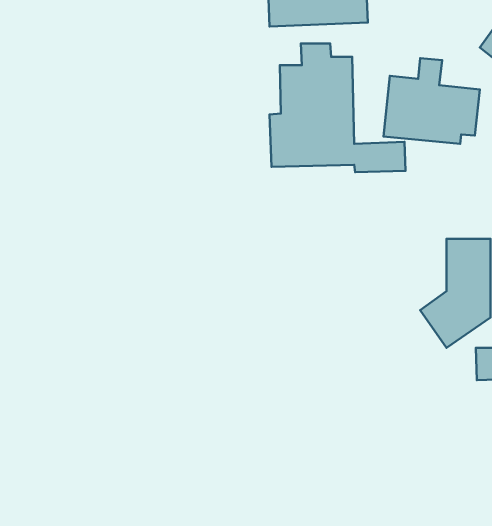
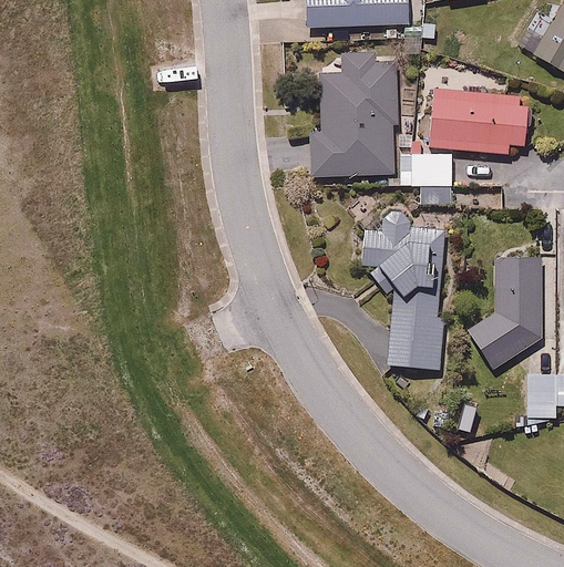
building: none -> [360,209,445,370]

